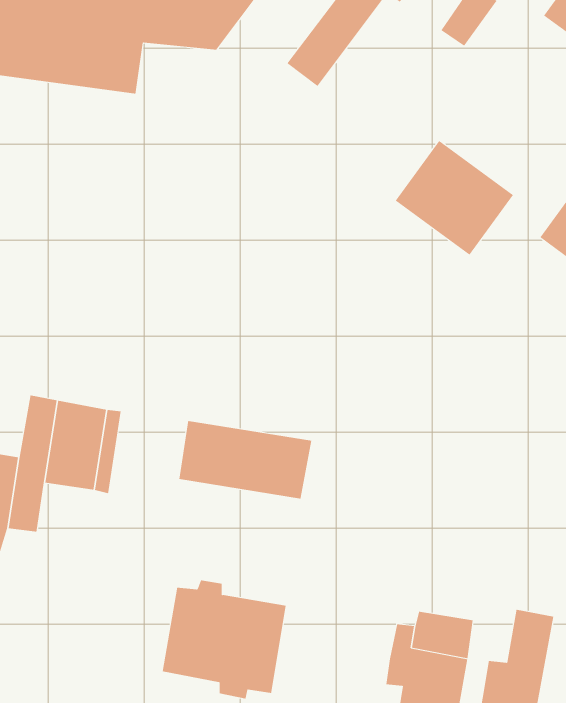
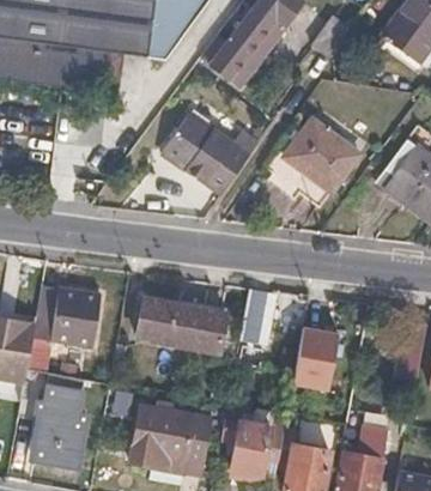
building: none -> [162,109,250,192]
building: none -> [237,285,273,348]
building: none -> [291,327,335,389]
building: none -> [36,386,86,471]
building: none -> [219,413,284,477]

